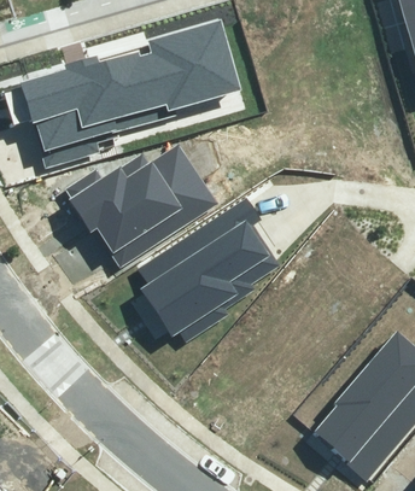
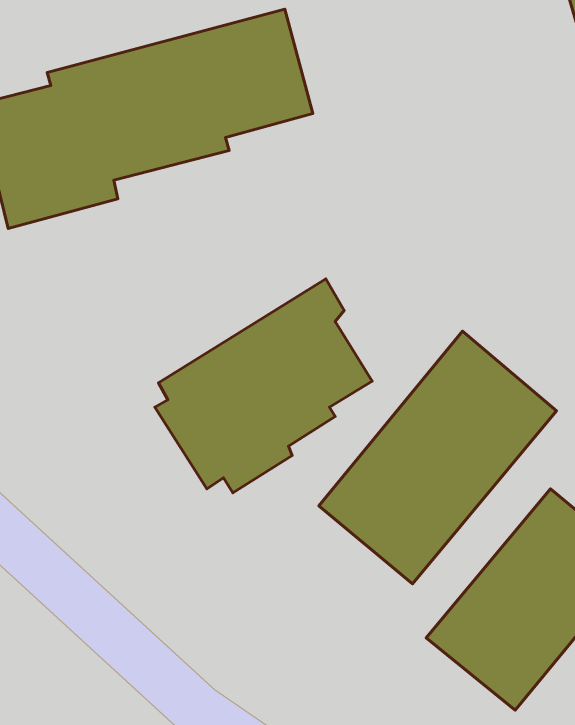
building: [62,147,214,265] -> none
building: none -> [319,331,557,584]

